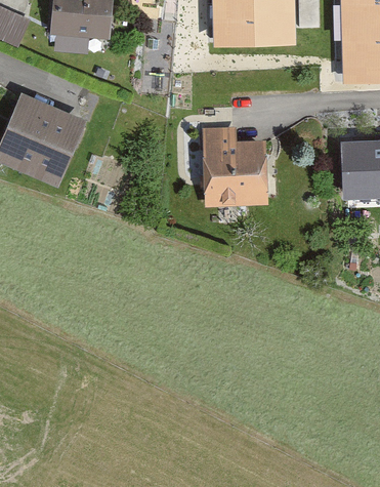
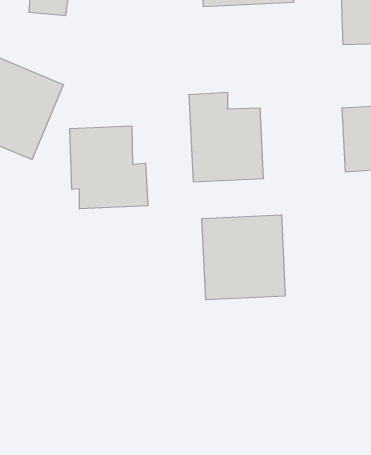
building: none -> [70,126,148,209]
building: none -> [202,215,285,300]

